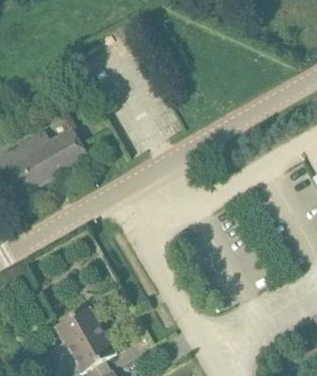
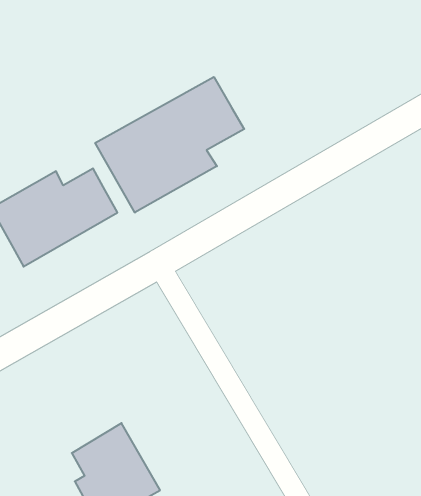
building: none -> [95,77,244,213]

